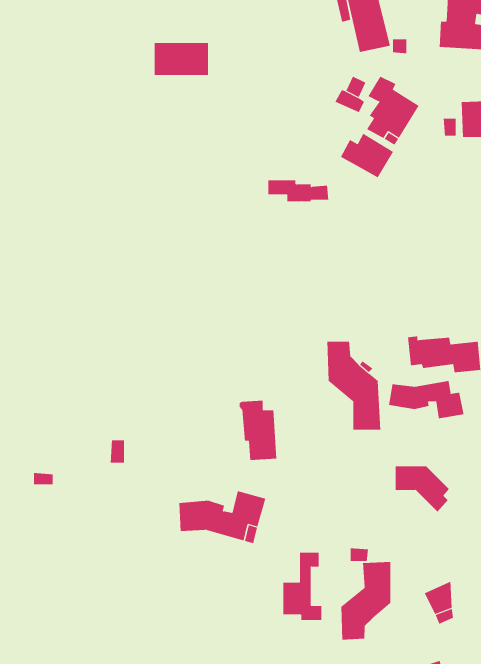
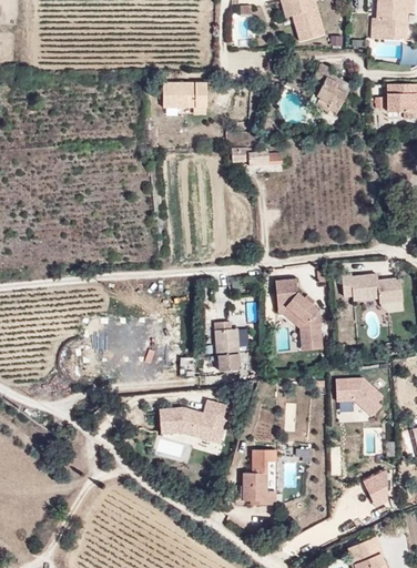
building: [154,43,209,75] -> [161,82,205,109]
building: [340,133,394,178] -> none
building: [389,380,464,419] -> none
building: [341,561,391,640] -> none

